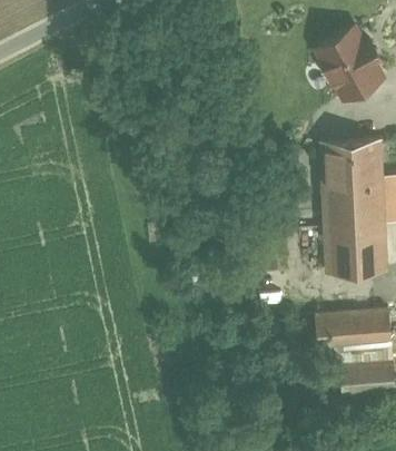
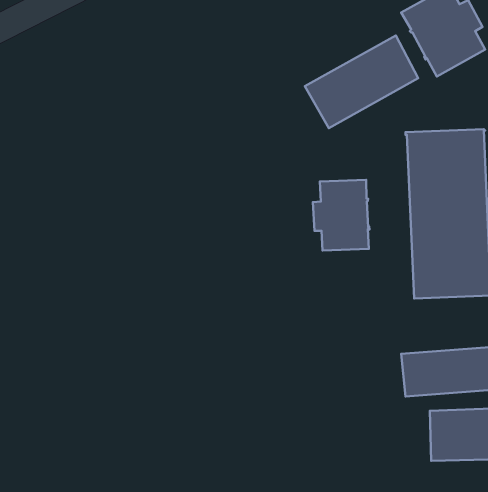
building: none -> [305,36,418,128]
building: none -> [313,180,370,251]

